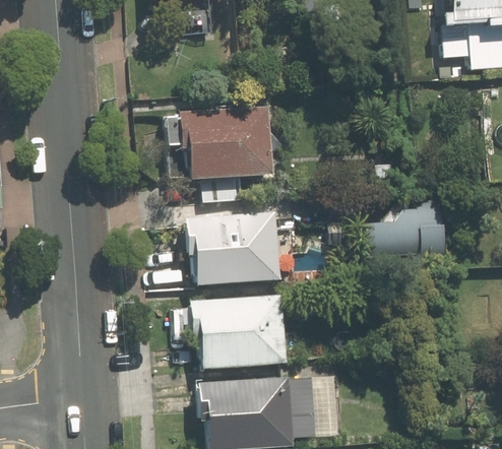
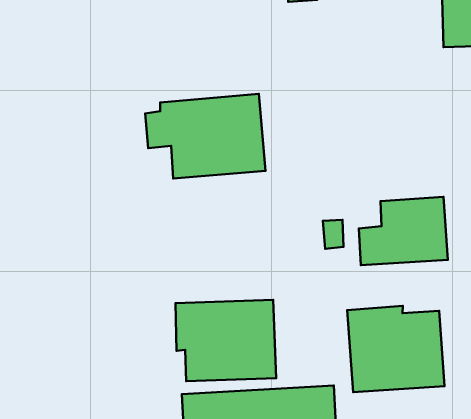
building: [184,214,293,283] -> none
building: none -> [347,306,444,392]

